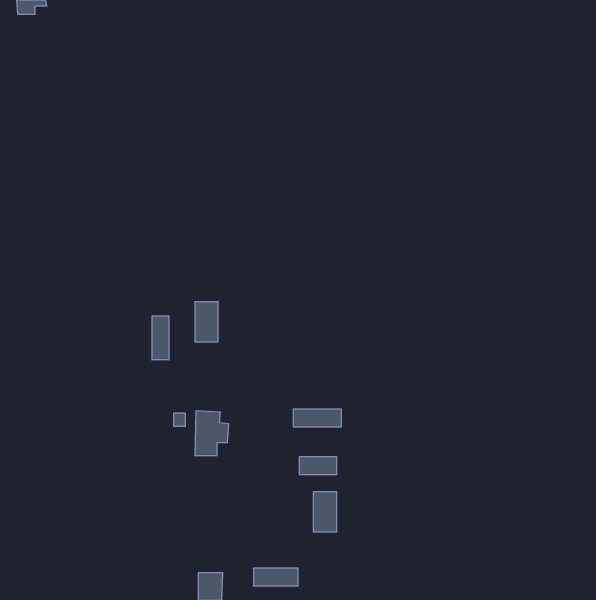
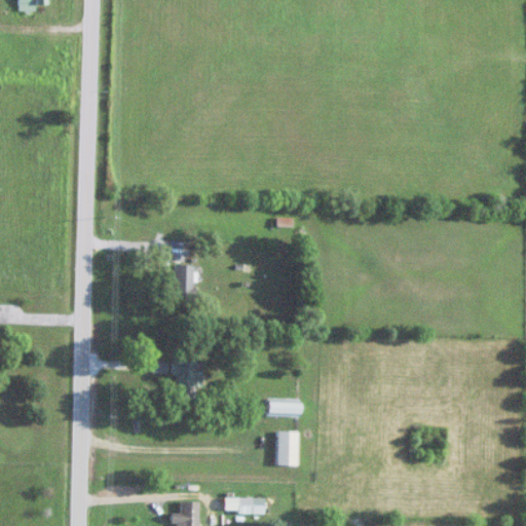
building: [152,316,169,360] -> none
building: [293,409,341,427] -> none

